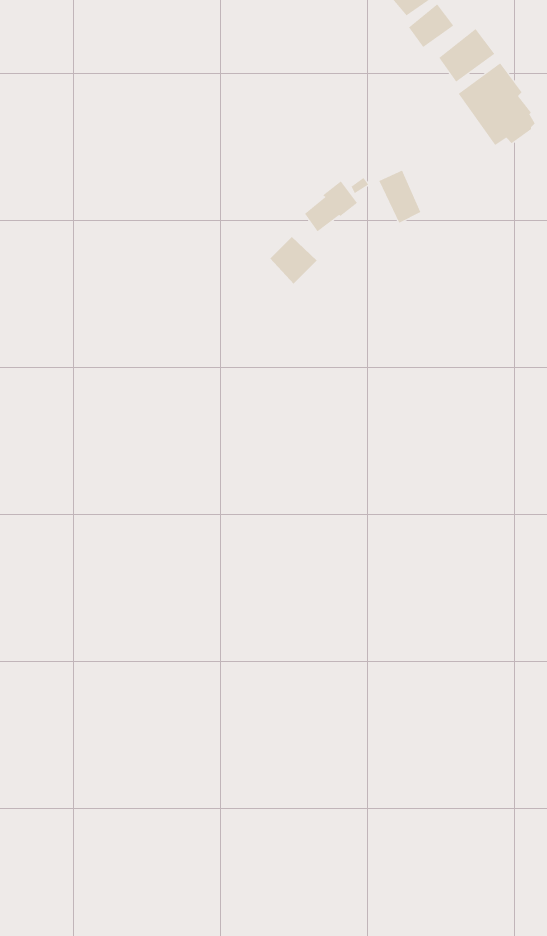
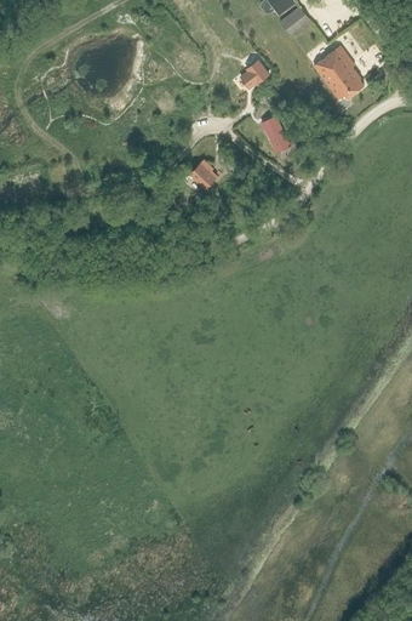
building: [438,28,495,83] -> none
building: [304,180,358,232] -> [234,59,269,93]

